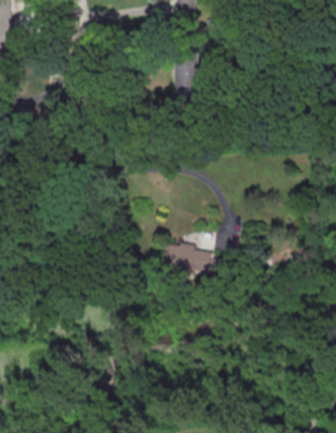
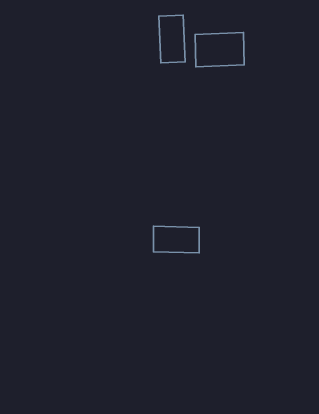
building: none -> [195,32,244,67]

